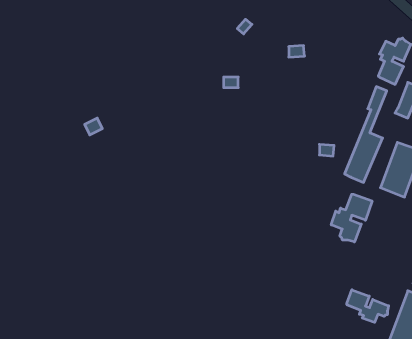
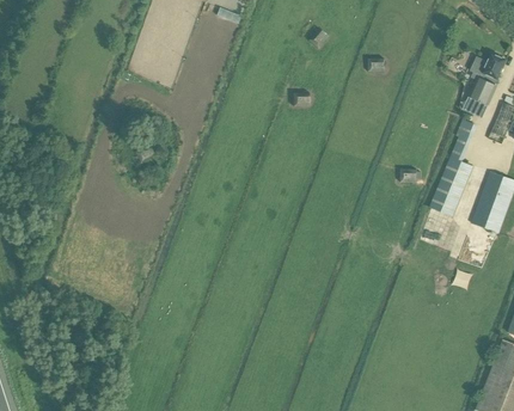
building: [331,194,372,242] -> none
building: [347,290,389,322] -> none

